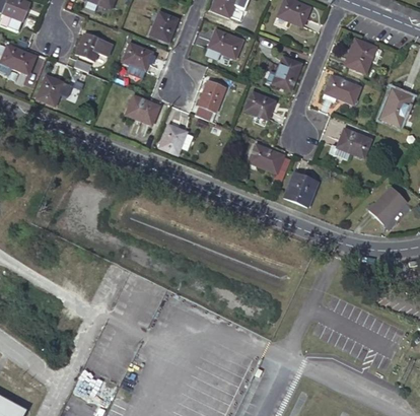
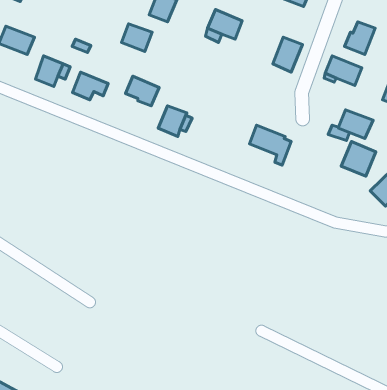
building: [76,32,112,60] -> [72,72,108,100]
building: [195,79,225,119] -> none
building: [244,91,275,119] -> none
building: [283,171,318,206] -> [341,141,376,176]

